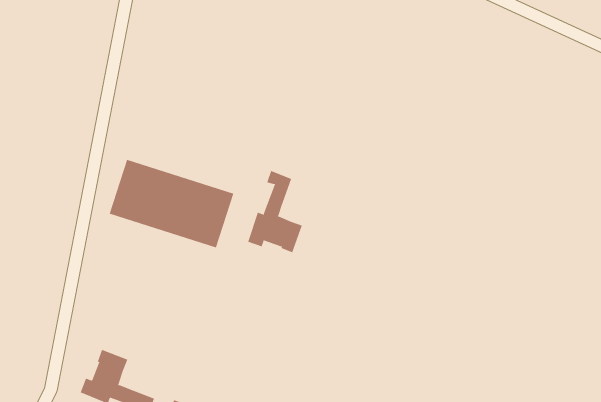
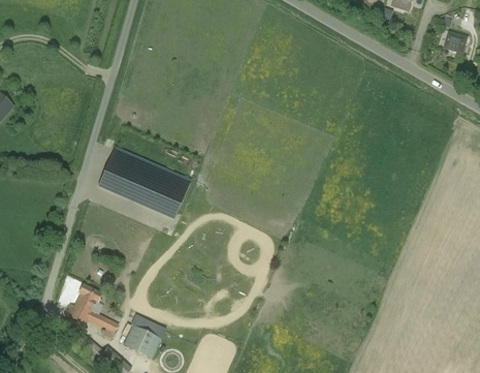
building: [248,170,302,253] -> none

